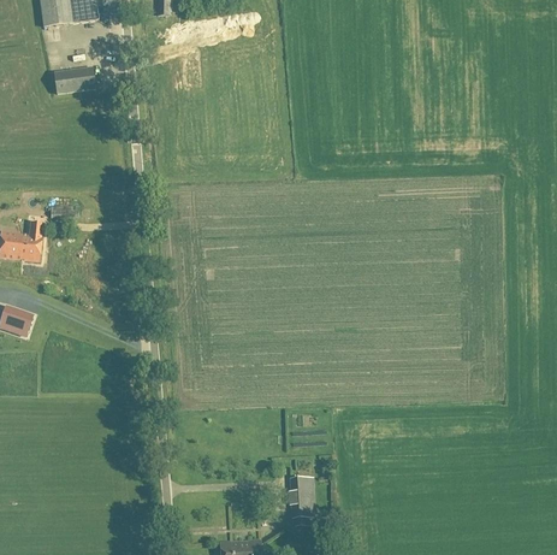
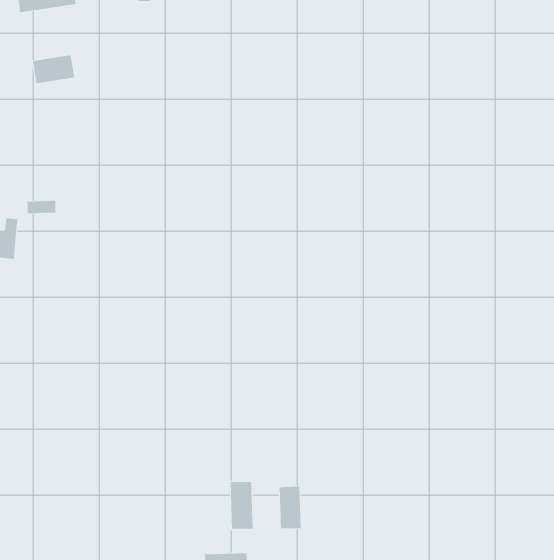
building: none -> [230,481,253,530]

